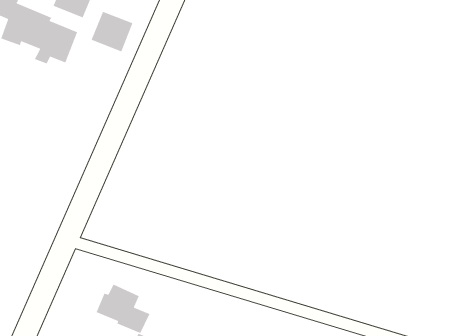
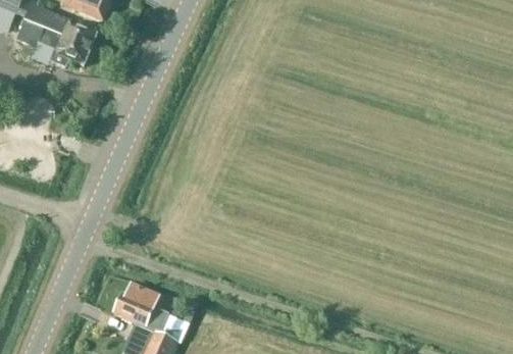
building: [91,11,134,52] -> none

